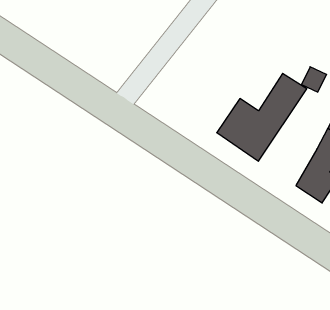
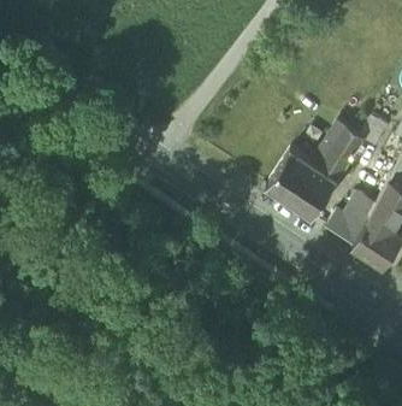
building: none -> [326,194,377,245]

